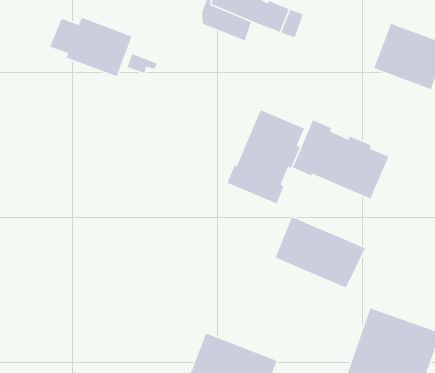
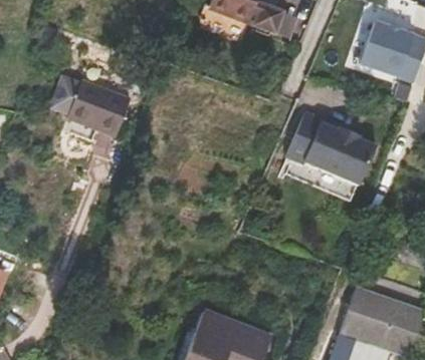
building: [49,17,132,77] -> [53,78,131,134]
building: [227,109,305,205] -> none
building: [274,216,366,289] -> none

